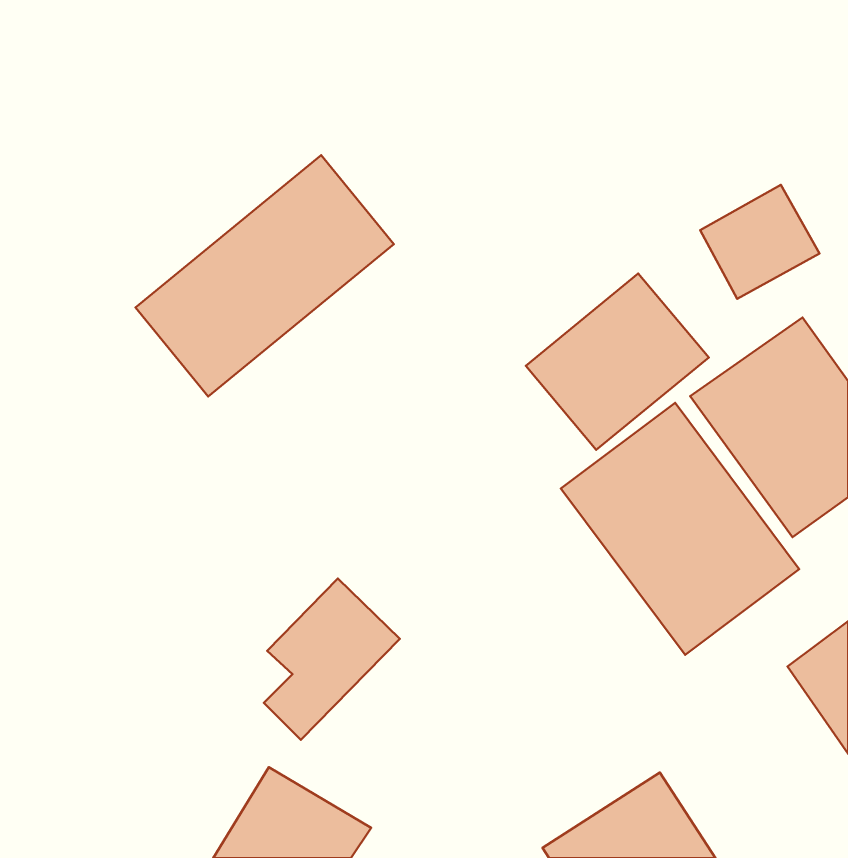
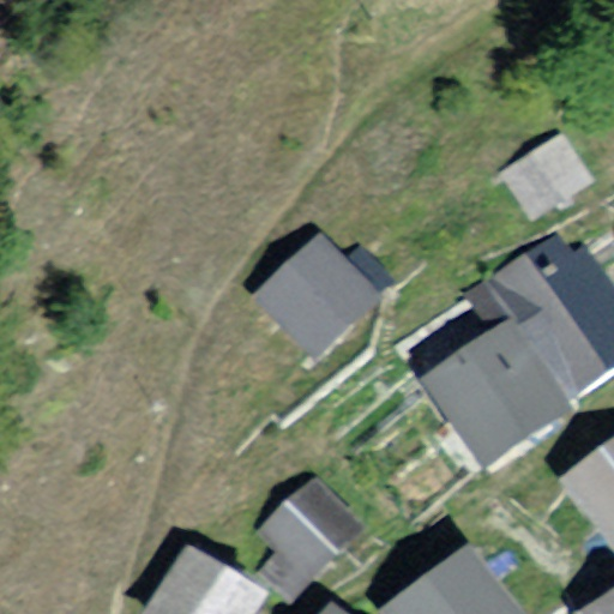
building: [135,155,394,397] -> none
building: [526,274,709,450] -> [247,235,378,361]
building: [264,579,400,740] -> [259,477,356,592]

